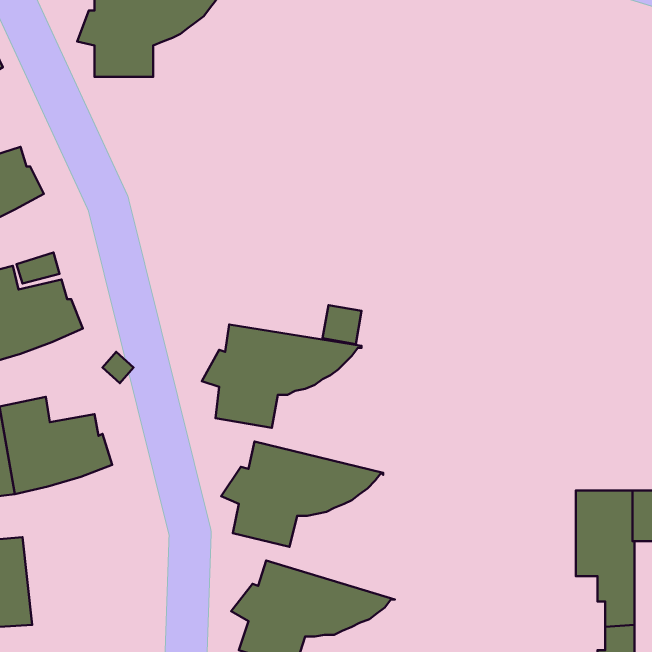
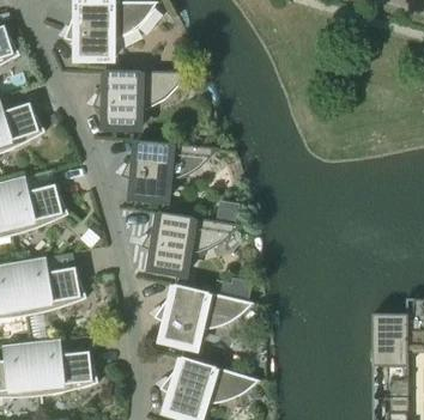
building: none -> [92,71,187,129]
building: none -> [121,140,217,201]
building: none -> [31,339,98,396]

